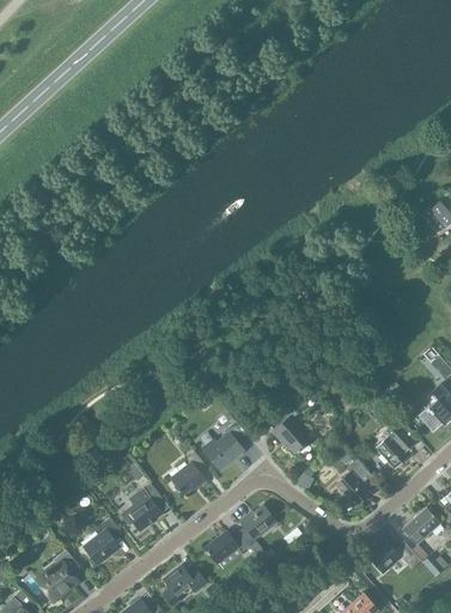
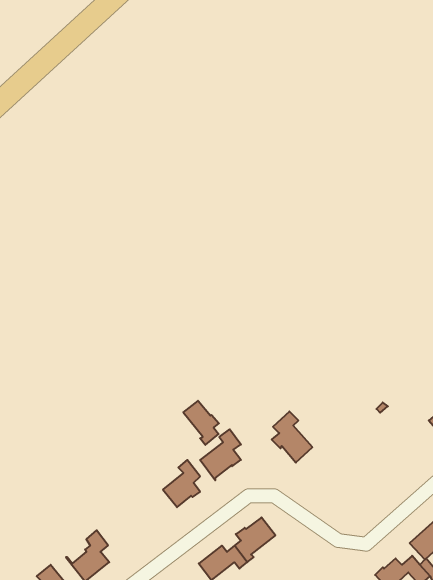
building: none -> [183,401,219,445]
building: [376,420,415,469] -> none
building: [336,459,370,505] -> none
building: [121,482,163,530] -> none

